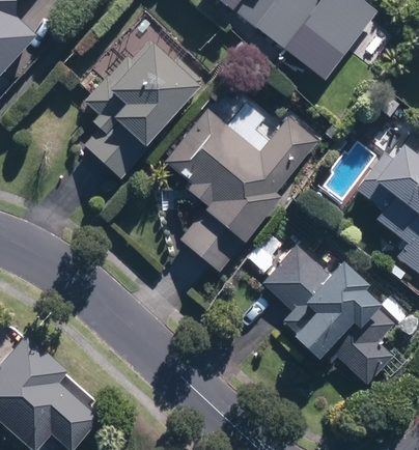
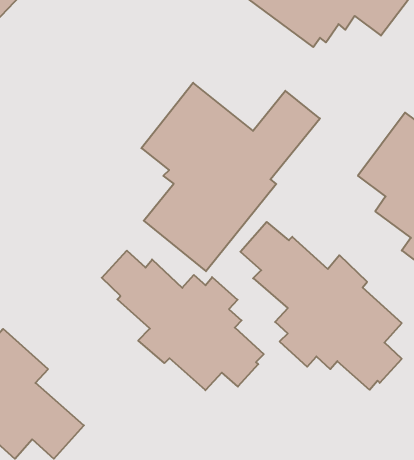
building: [81,38,211,177] -> none
building: none -> [102,251,264,390]

